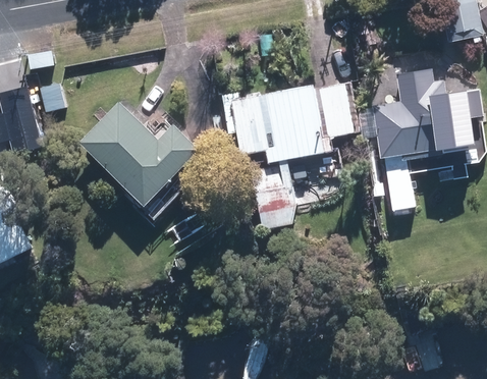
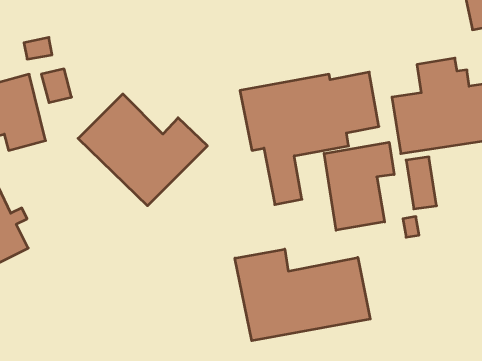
building: none -> [324,142,394,230]
building: none -> [235,249,370,341]

